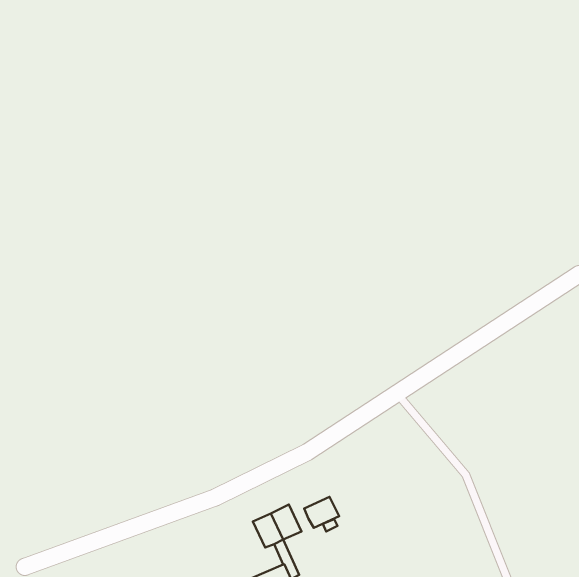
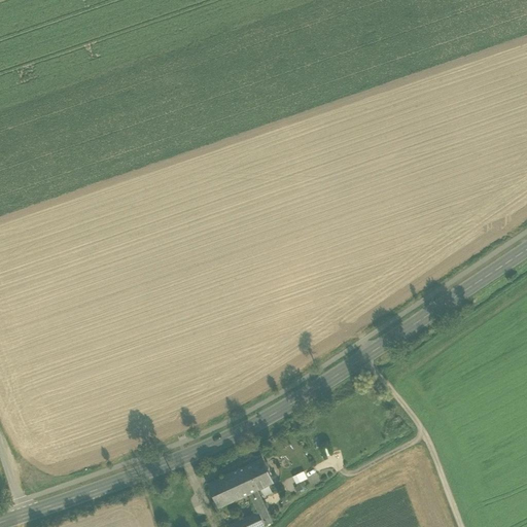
building: [304,497,339,528] -> none
building: none -> [207,476,241,510]

